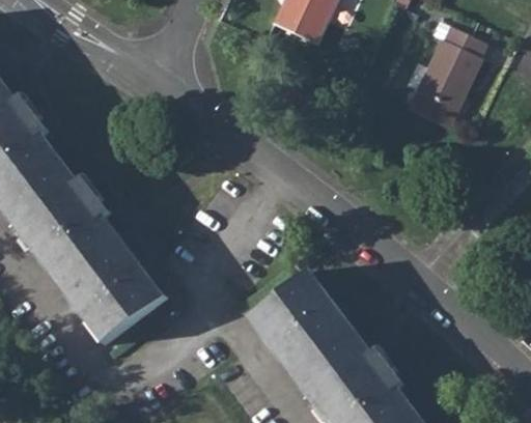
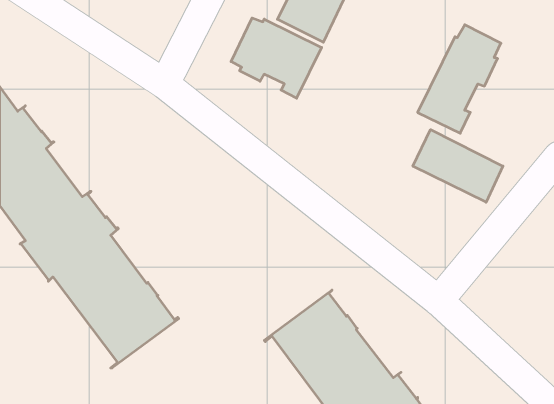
building: none -> [231,18,322,98]
building: none -> [413,130,503,202]

